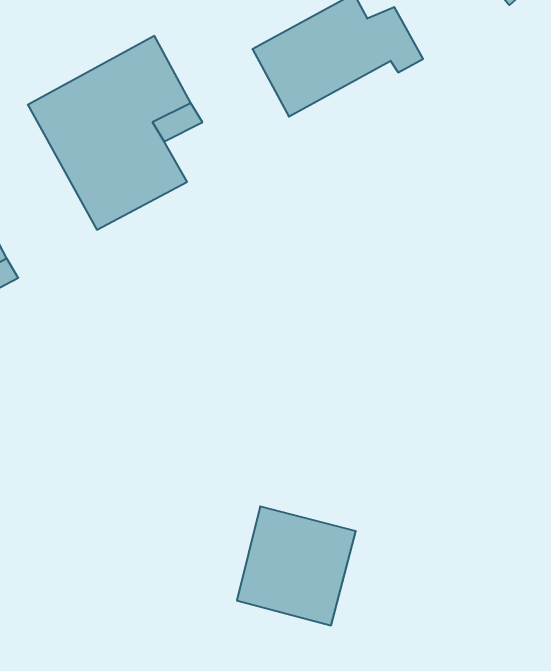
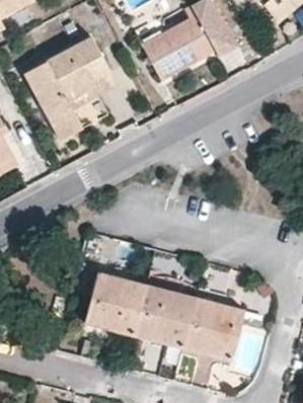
building: none -> [85,273,146,334]
building: none -> [183,298,245,359]

